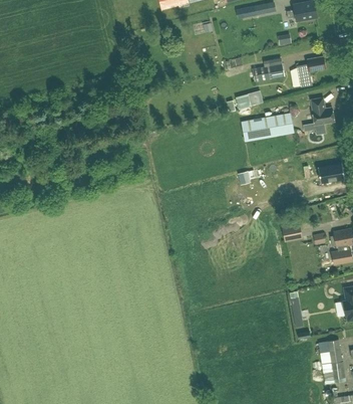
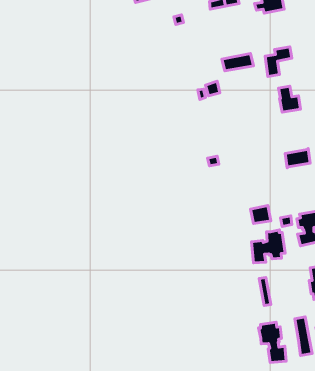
building: [241,113,294,142] -> none
building: none -> [252,230,285,263]
building: none -> [259,322,286,362]

